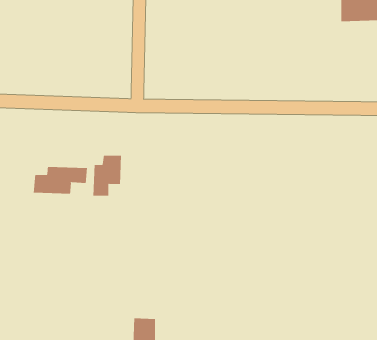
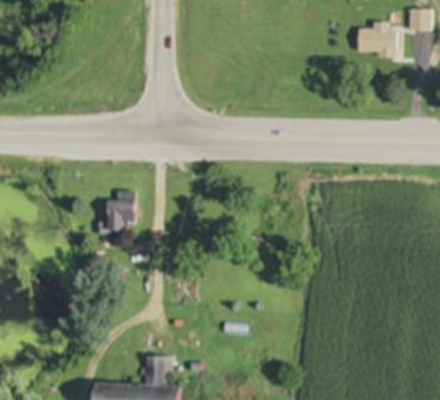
building: [33,166,88,194] -> none

